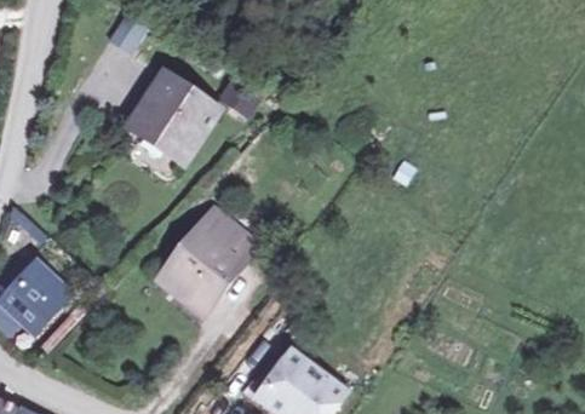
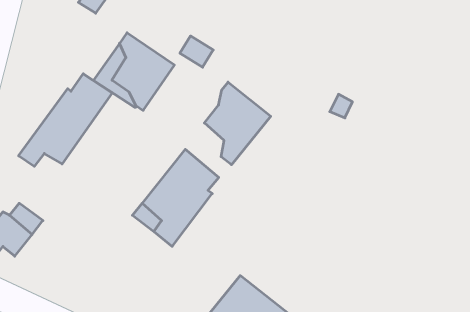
building: none -> [19,74,112,166]
building: none -> [204,82,271,165]

